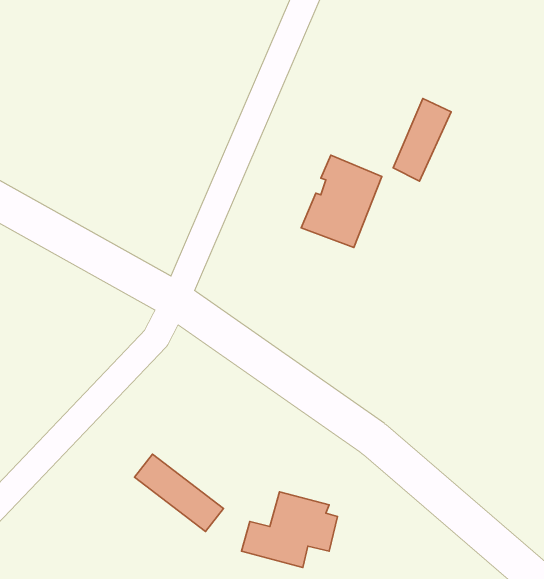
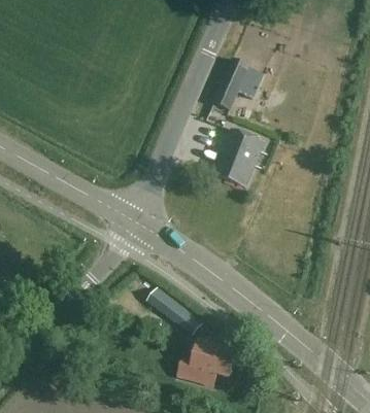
building: [393,99,451,181] -> [213,59,249,110]
building: [134,454,224,532] -> [147,286,203,335]

